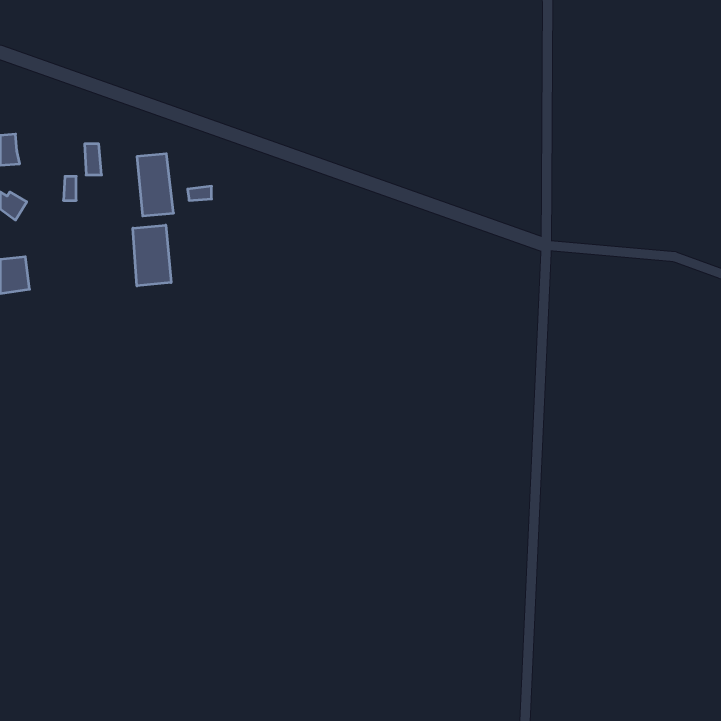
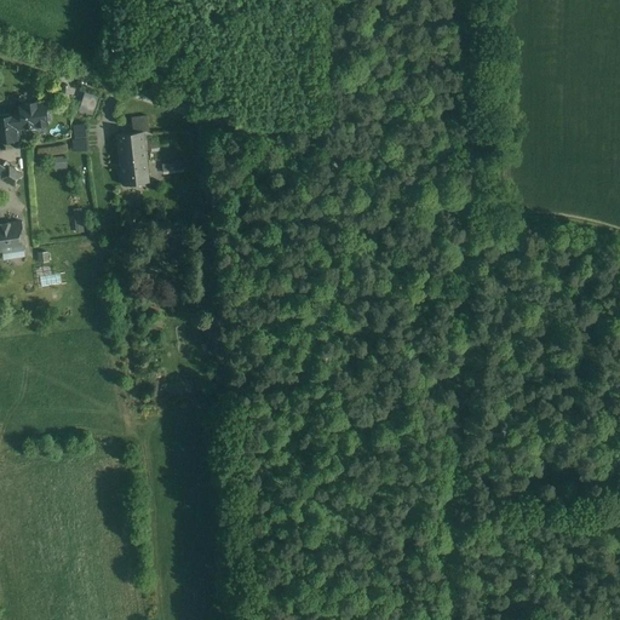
building: none -> [12,101,46,130]
building: [133,225,171,286] -> none

